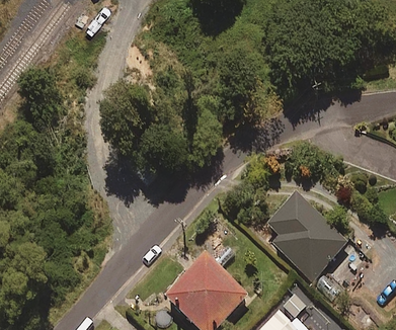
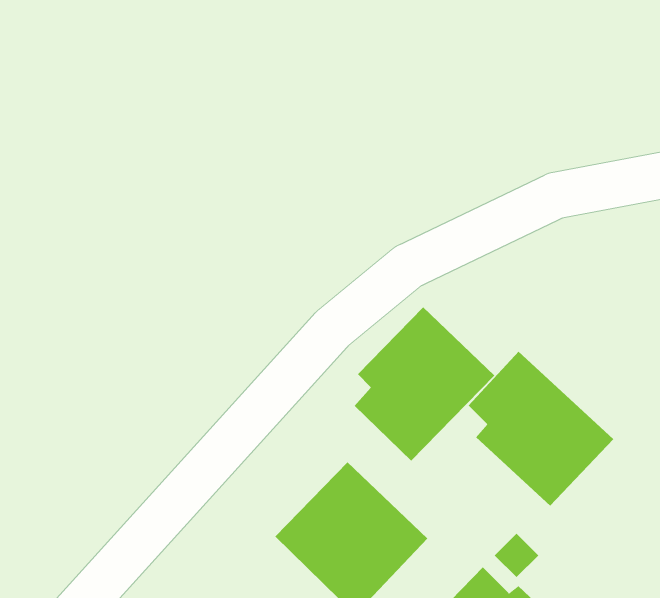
building: none -> [354,307,495,461]

